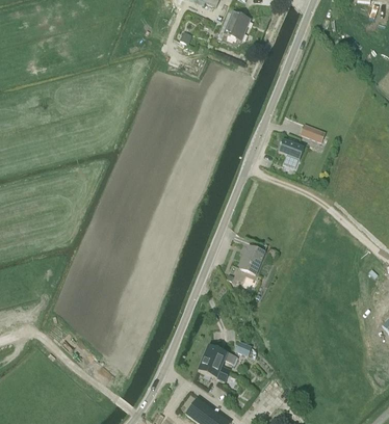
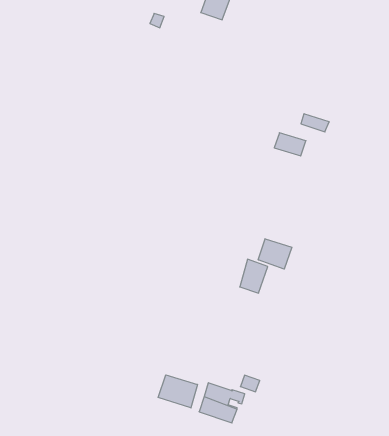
building: none -> [258,239,292,269]
building: none -> [158,375,197,408]

